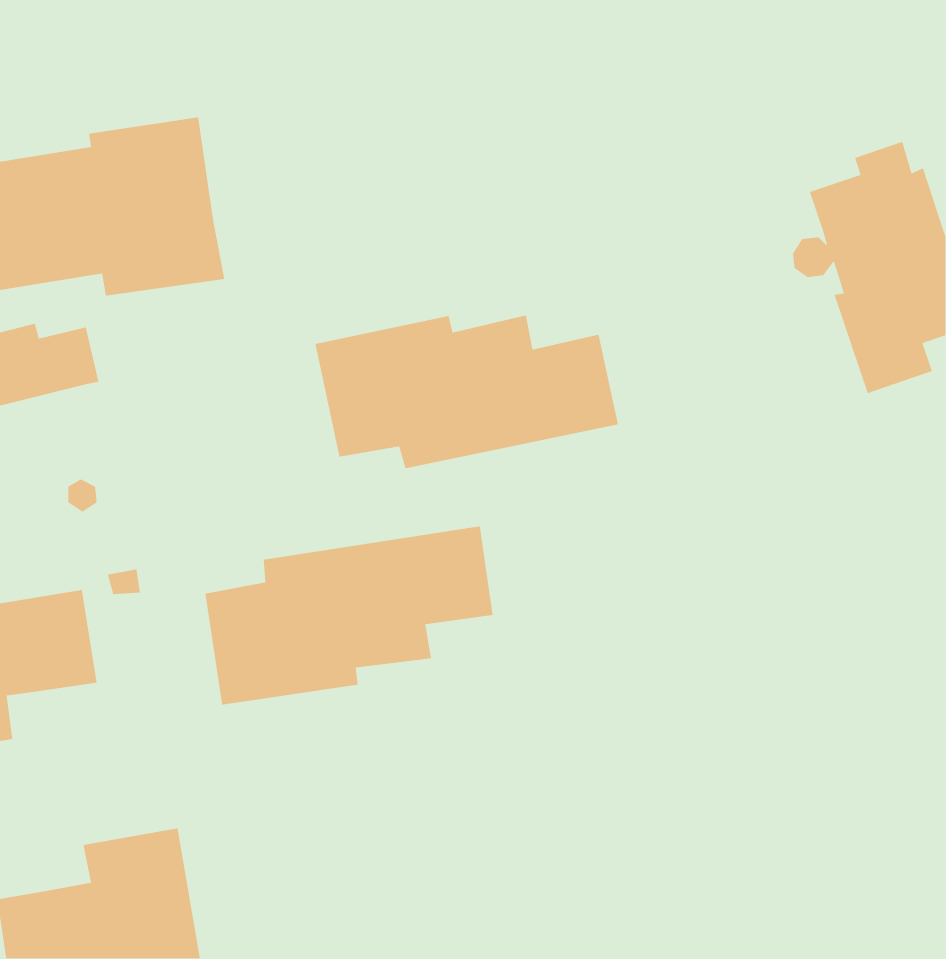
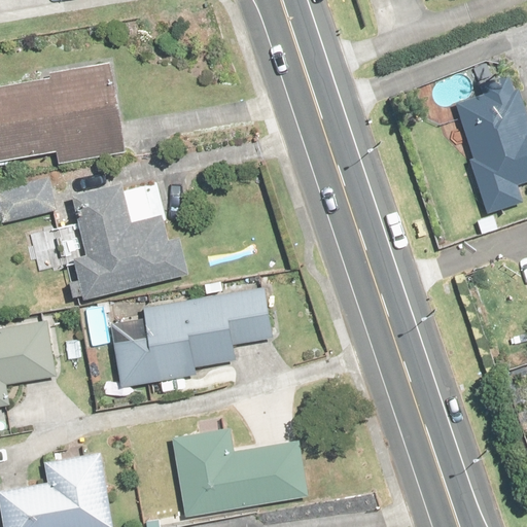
building: [314,314,619,469] -> none
building: none -> [74,186,189,300]
building: none -> [174,430,308,518]

